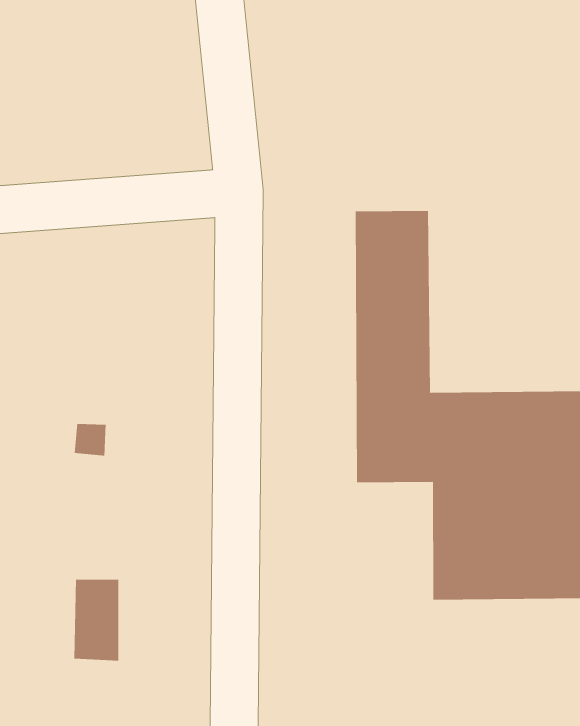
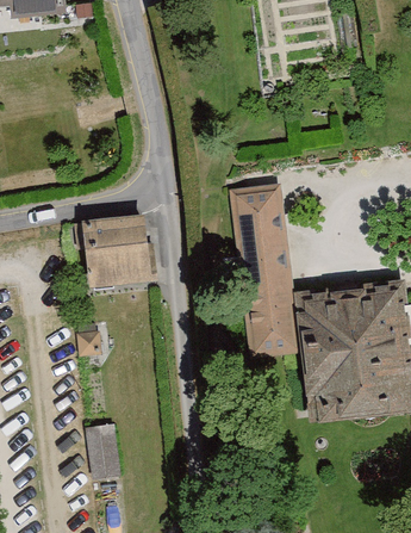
building: none -> [85,216,149,285]

